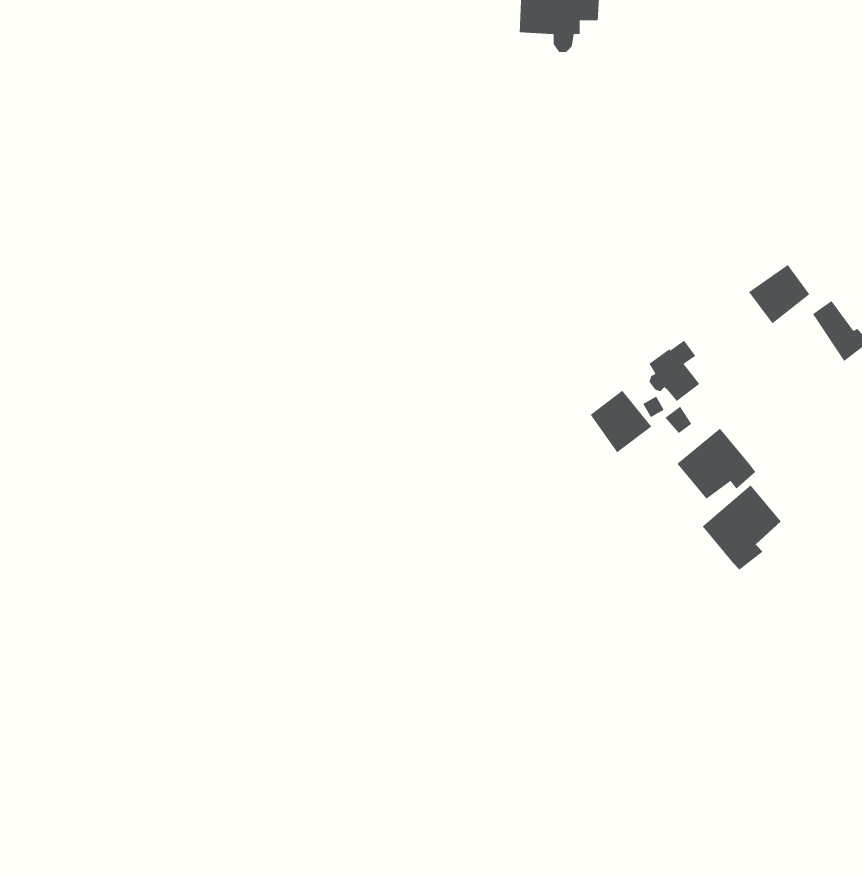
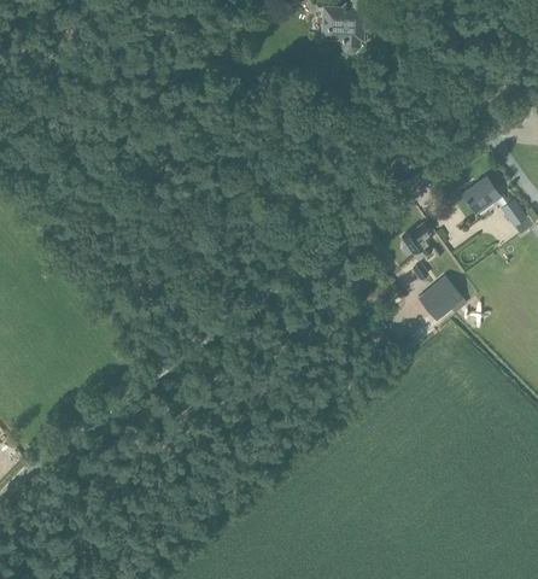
building: [590,390,652,453] -> none
building: [702,485,781,570] -> none

